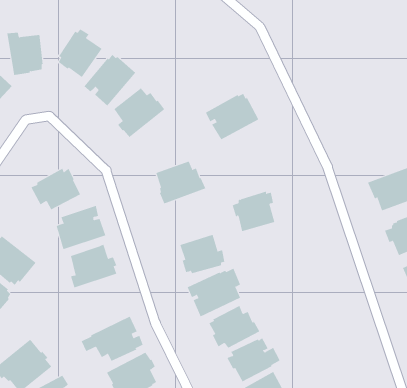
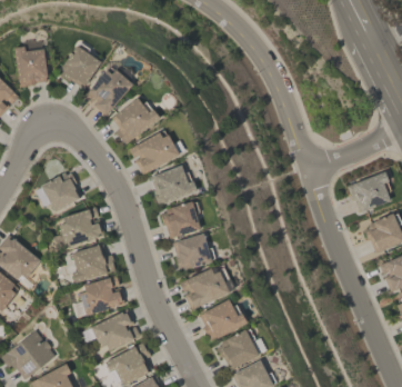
building: [205,93,259,140] -> [130,131,180,175]
building: [232,191,275,232] -> [161,201,201,239]
building: none -> [72,275,125,318]

